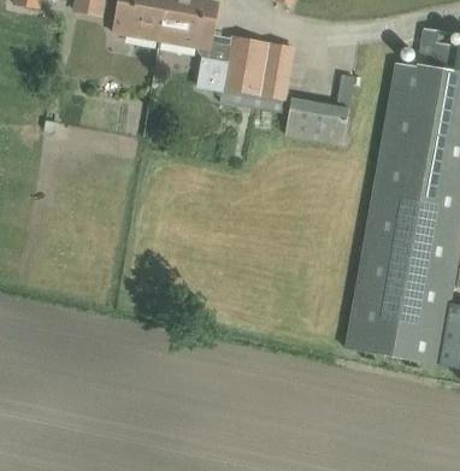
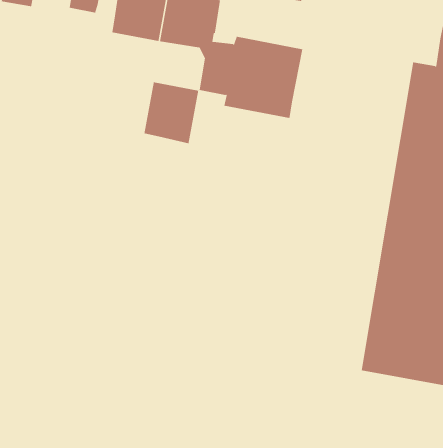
building: [284,72,354,143] -> none
building: none -> [144,82,199,144]

